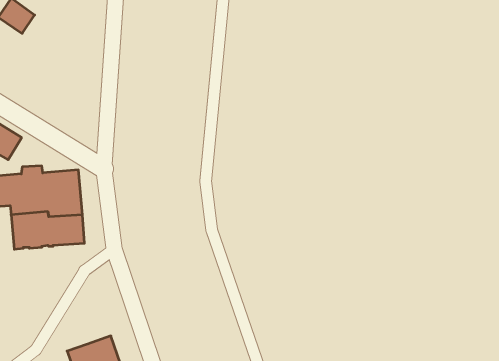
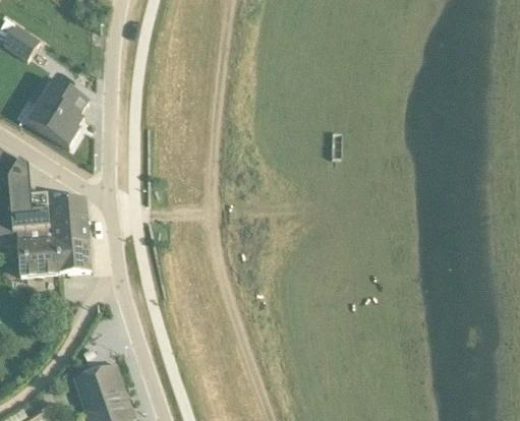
building: none -> [26,74,88,147]

